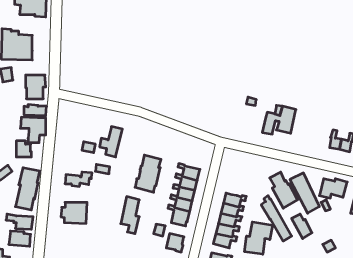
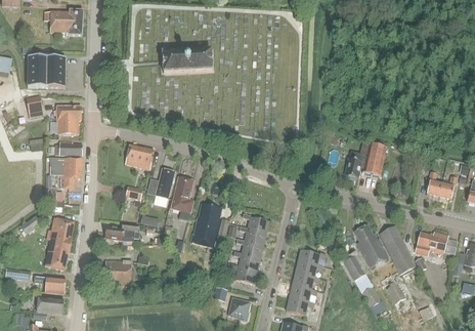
building: none -> [161,44,211,72]
building: none -> [124,144,154,169]
building: [121,197,139,234] -> [170,175,192,220]
building: [245,222,272,254] -> none

